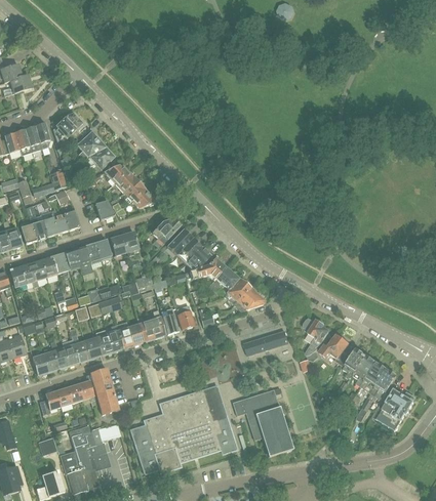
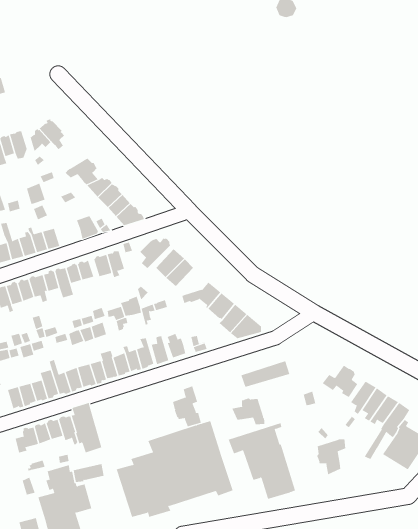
building: [77,131,105,161] -> none
building: [185,246,213,270] -> none
building: [303,318,329,354] -> none
building: none -> [172,385,201,427]
building: none -> [231,398,265,425]
building: none -> [317,439,346,475]

